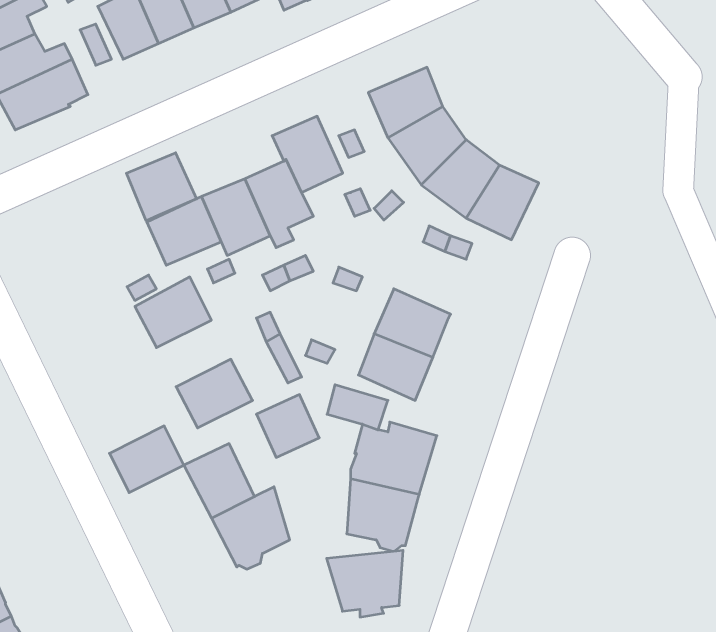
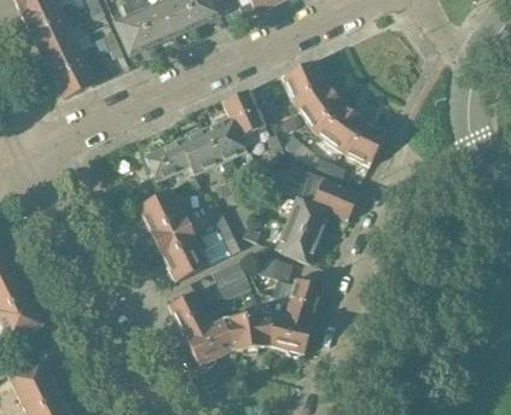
building: [126,153,197,221] -> none
building: none -> [292,166,358,220]
building: [109,426,184,493] -> [150,215,196,256]
building: [327,550,403,617] -> [222,312,269,353]

